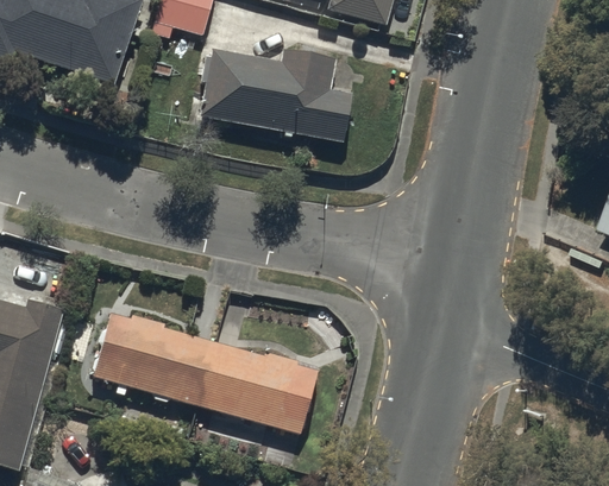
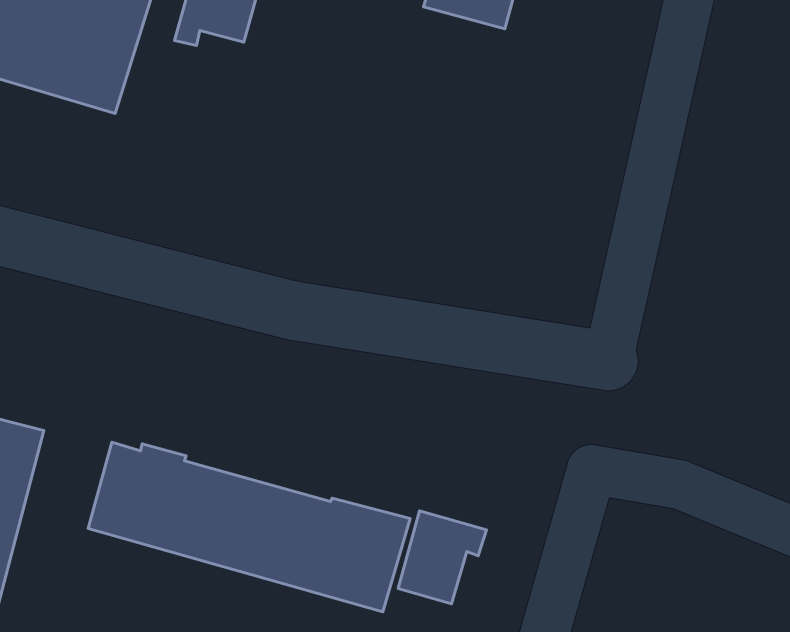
building: [200,50,350,138] -> none
building: none -> [398,511,486,604]

